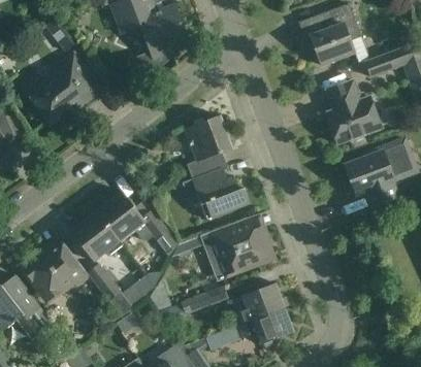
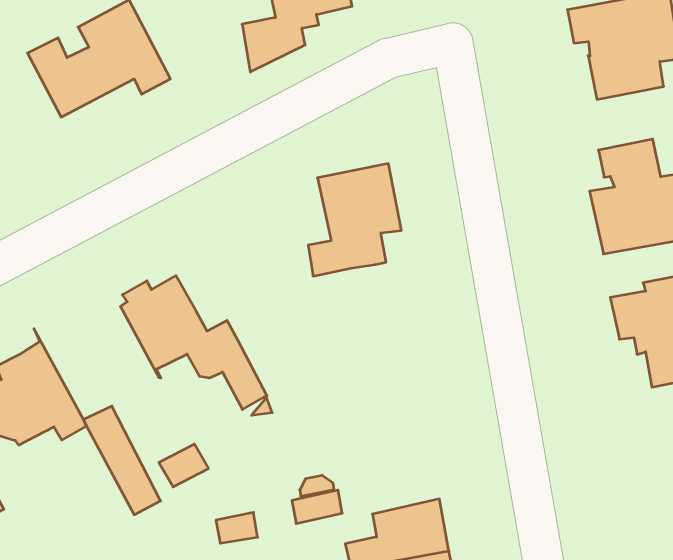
building: [172,168,249,220] -> none
building: [70,211,121,260] -> none
building: [203,211,269,273] -> none

